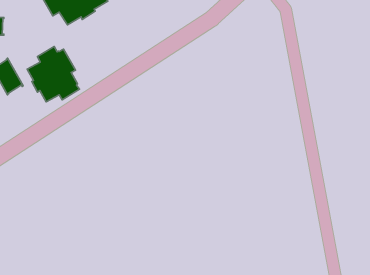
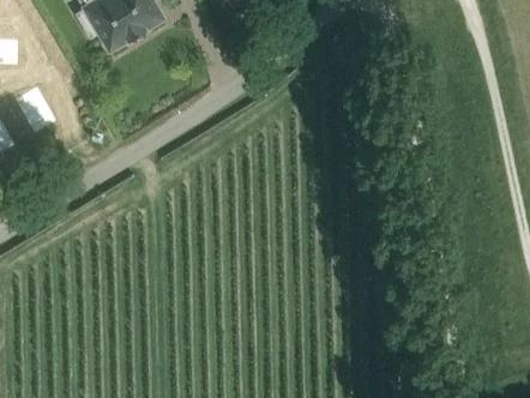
building: [27,47,79,102] -> none

